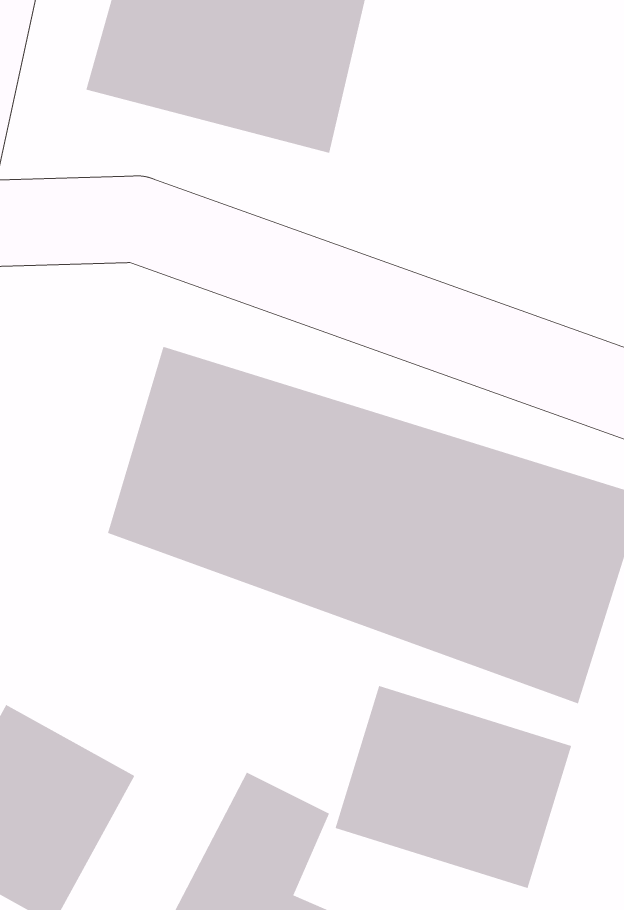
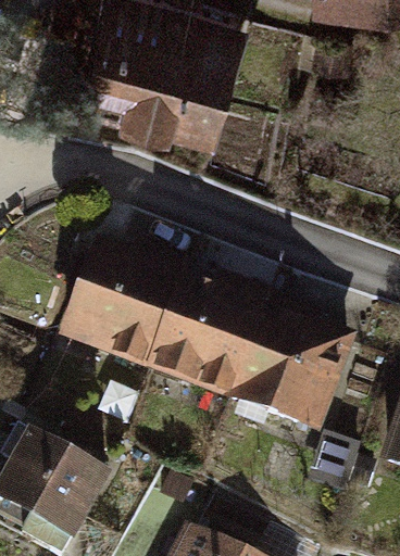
building: [335,685,572,889] -> none

